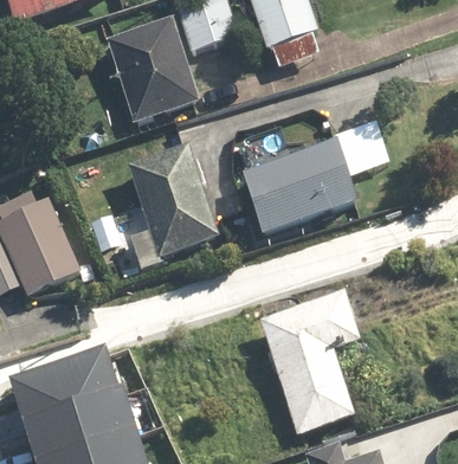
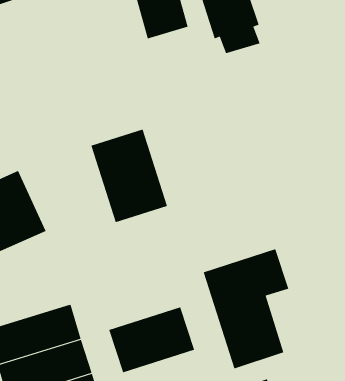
building: [114,20,206,128] -> none
building: [244,149,357,240] -> none
building: none -> [108,307,195,373]

